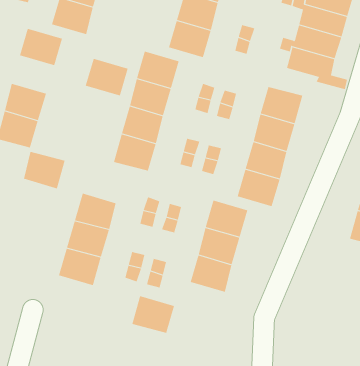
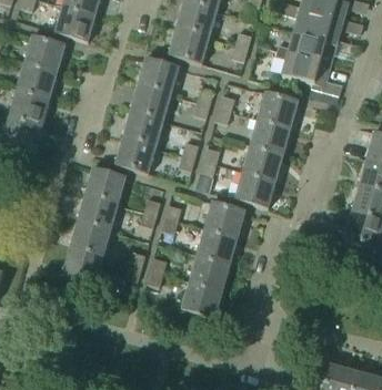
building: [85,58,129,96] -> [16,61,58,97]
building: [23,151,65,189] -> [84,167,125,204]
building: [131,296,175,333] -> [181,280,223,317]

